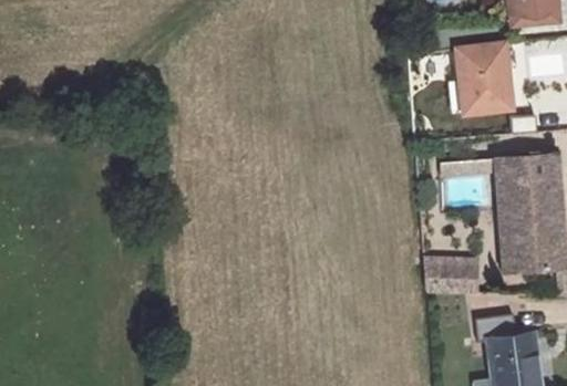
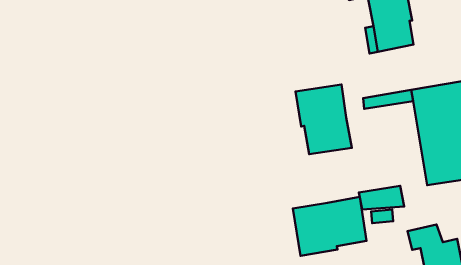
building: none -> [296,84,352,154]
building: none -> [293,197,367,256]

